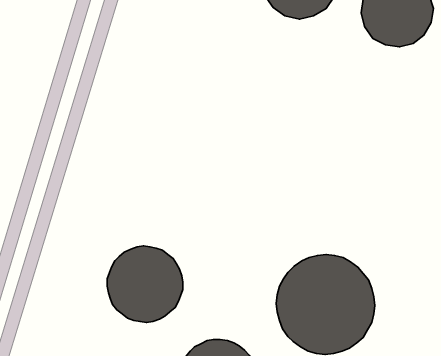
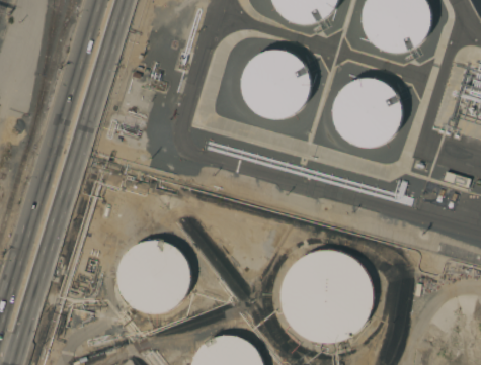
building: none -> [242,51,310,119]
building: none -> [331,78,402,149]

